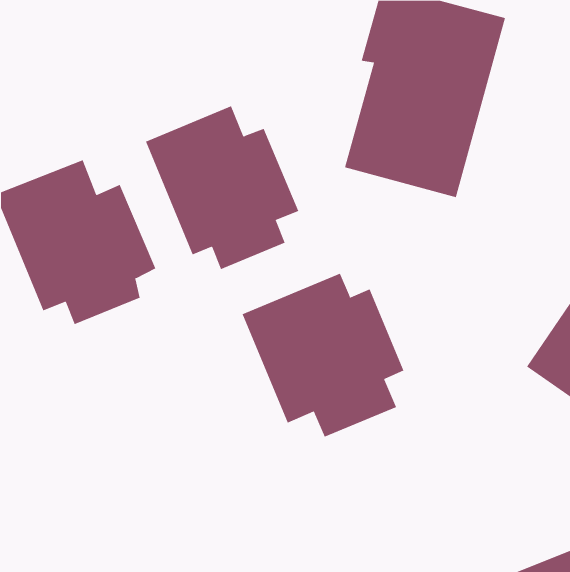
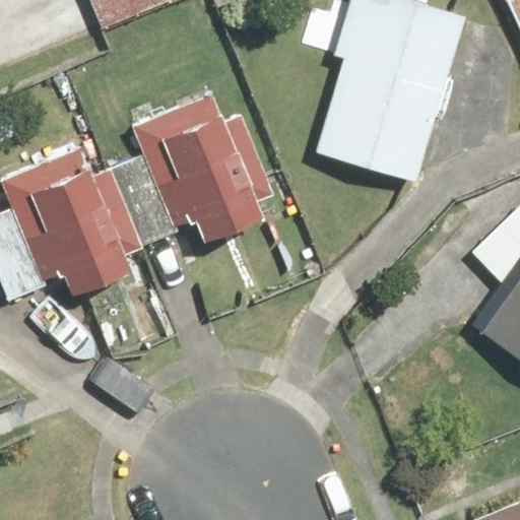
building: [242,273,404,437] -> none

